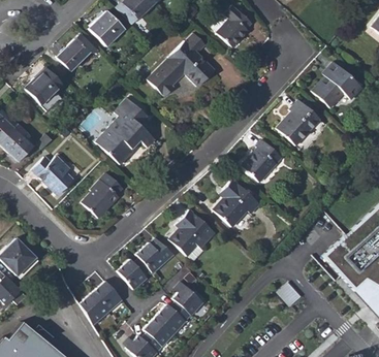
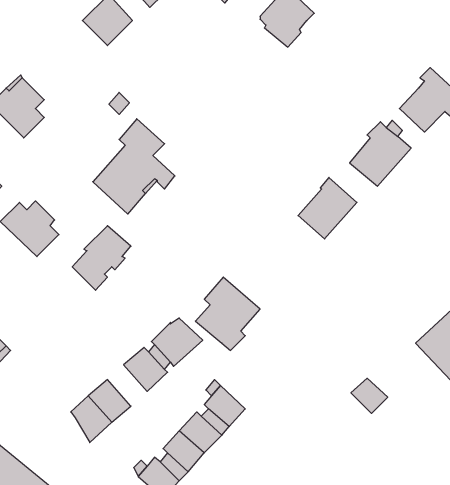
building: [149,33,215,96] -> none
building: [57,38,90,70] -> none
building: [213,177,262,228] -> none

